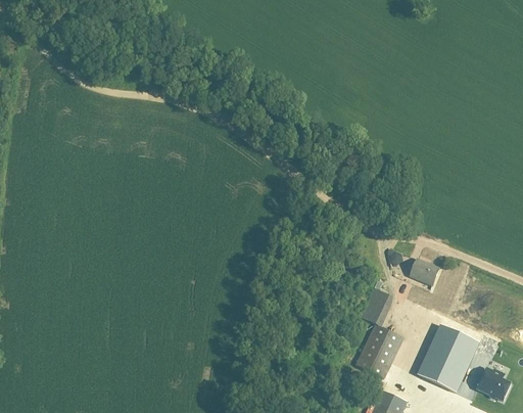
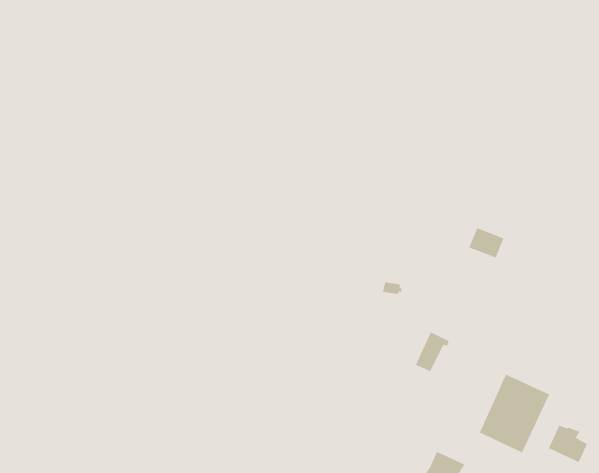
building: [409,259,439,285] -> [468,227,505,259]
building: [355,325,402,378] -> none

